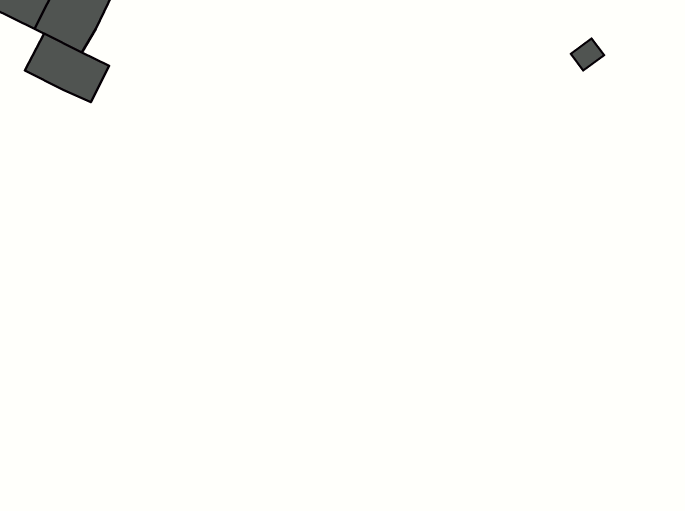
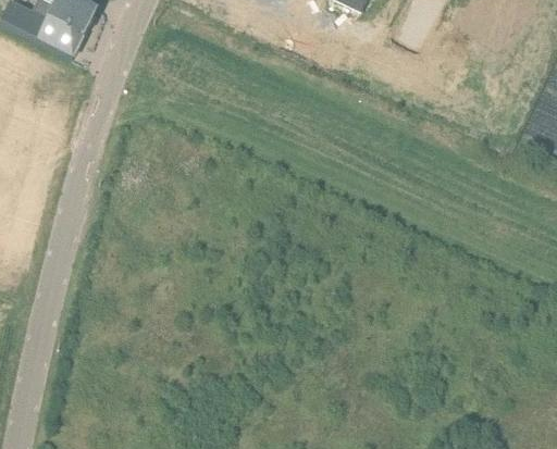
building: [25,33,109,102] -> none

